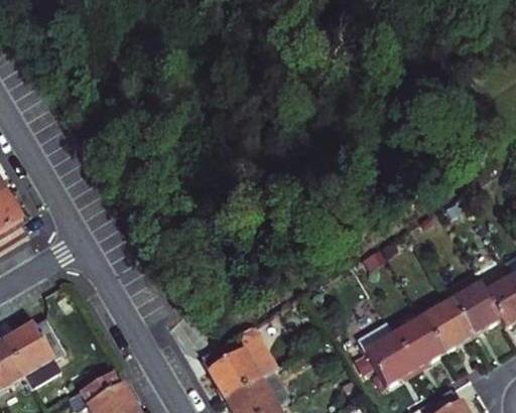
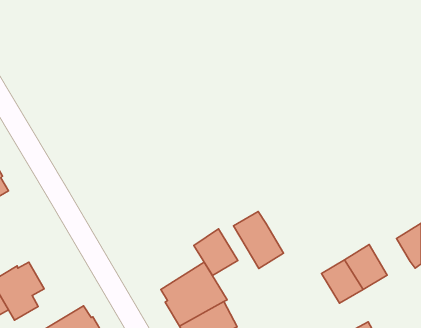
building: [441,274,497,336] -> none
building: none -> [194,229,238,276]
building: [354,320,413,388] -> [233,211,284,268]

